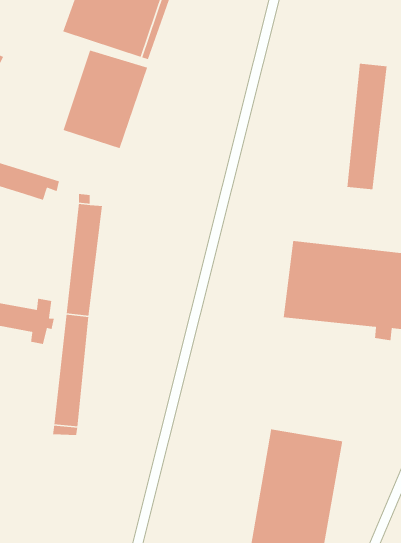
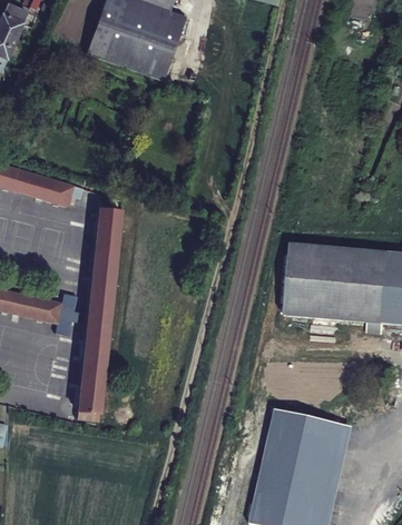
building: [62,49,148,149] -> none
building: [346,63,387,190] -> none

